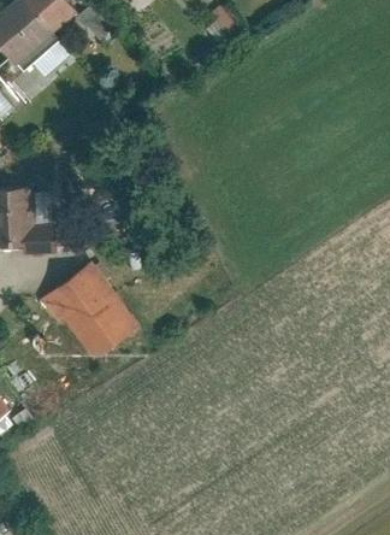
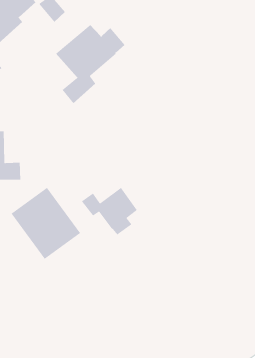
building: none -> [55,24,125,104]
building: none -> [81,187,138,236]

